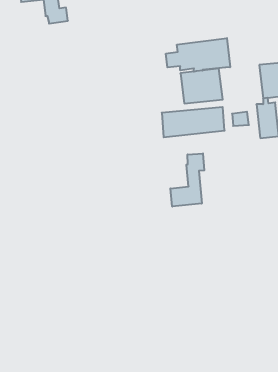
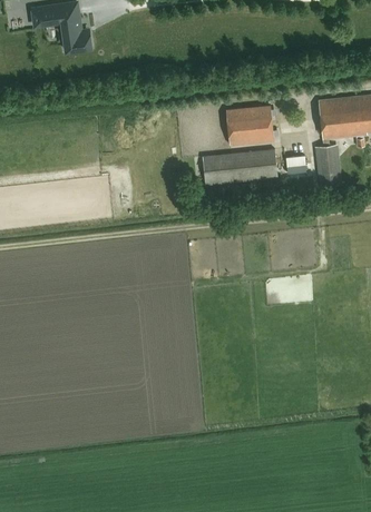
building: [166,38,230,72] -> none
building: [170,153,204,207] -> none

